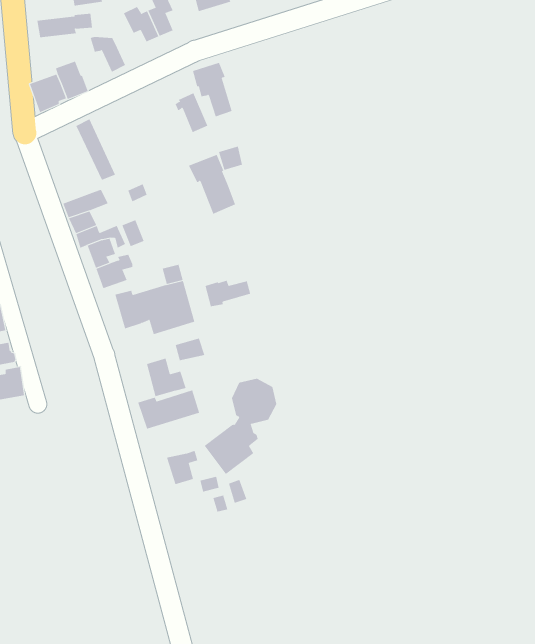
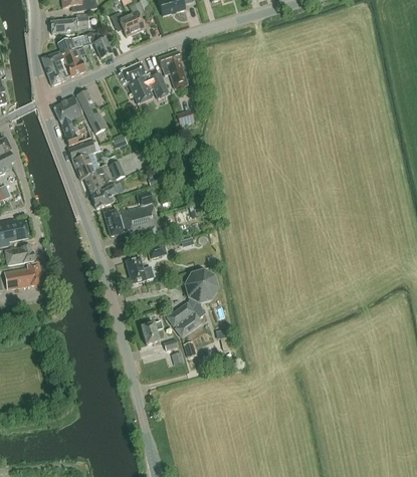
building: none -> [41,33,89,65]
building: none -> [52,96,84,145]
building: [188,154,236,215] -> [120,62,153,104]
building: [205,280,251,307] -> none
building: [138,390,200,430] -> none

